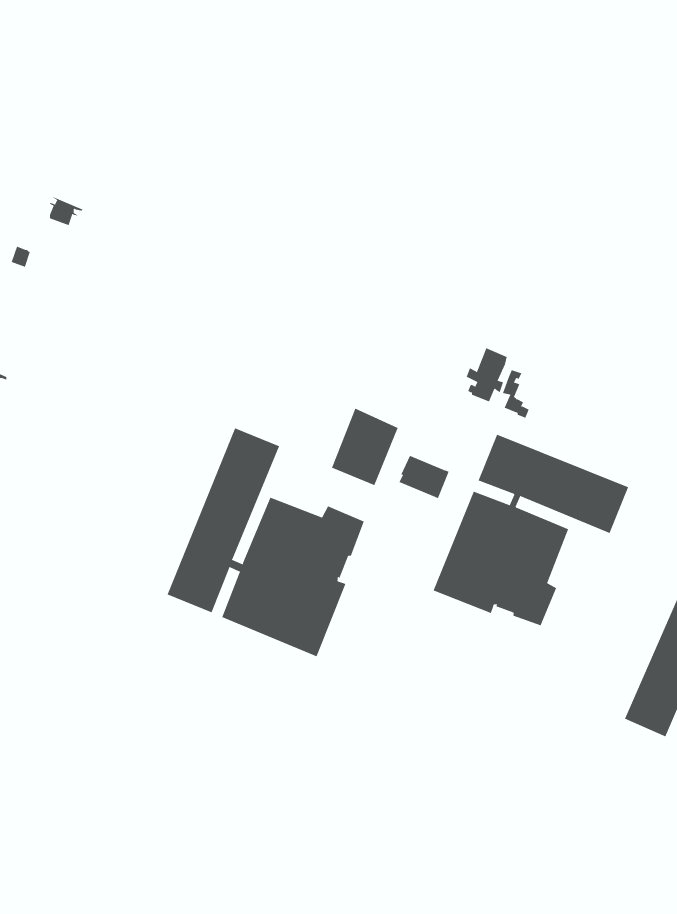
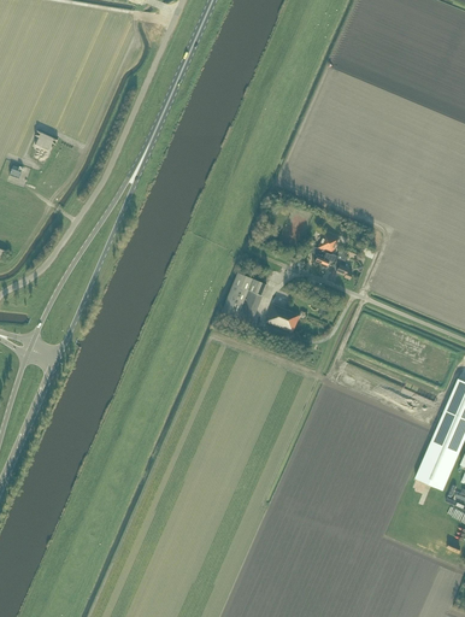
building: [167,427,365,657] -> none
building: [433,434,629,626] -> none

